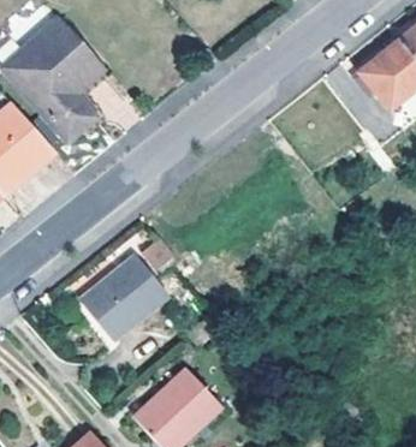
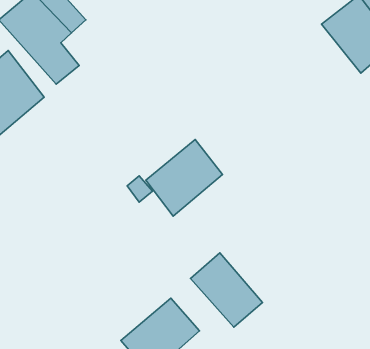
building: [82,256,166,340] -> [146,140,222,216]
building: none -> [190,253,262,327]

